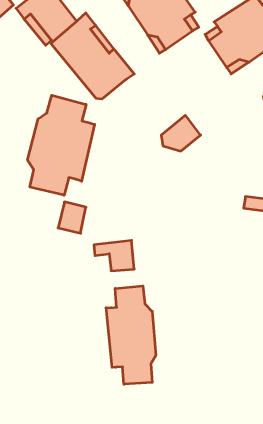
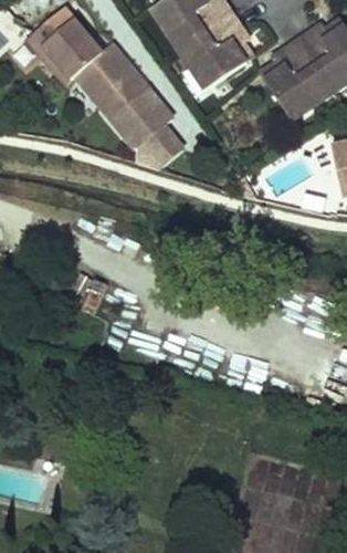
building: [28,95,95,195] -> none
building: [161,115,201,151] -> [134,124,182,168]
building: [106,286,156,384] -> none

